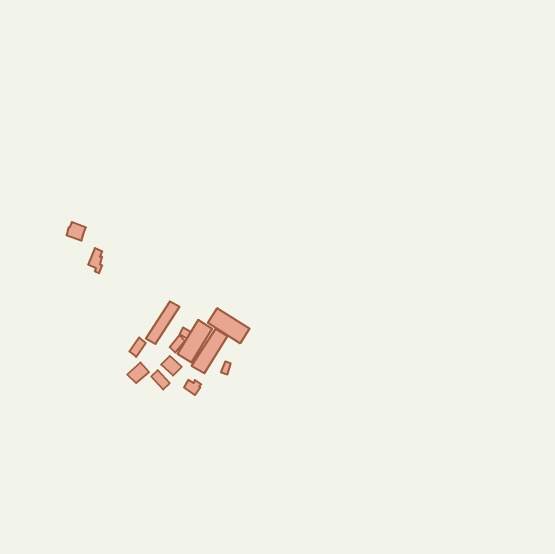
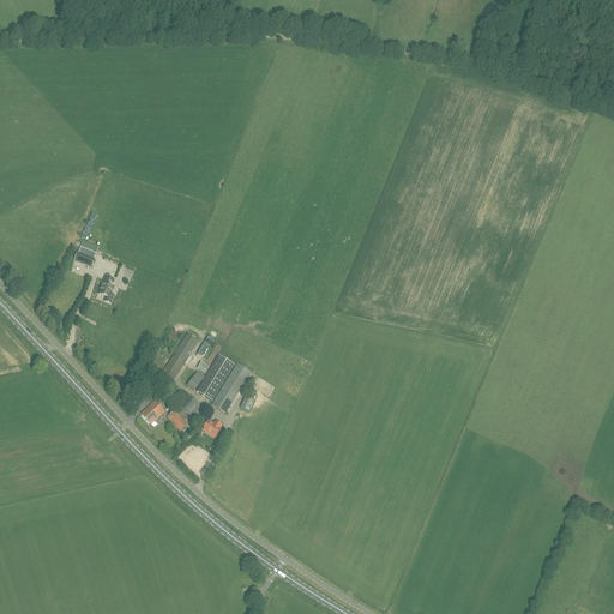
building: [208,308,250,343] -> none

